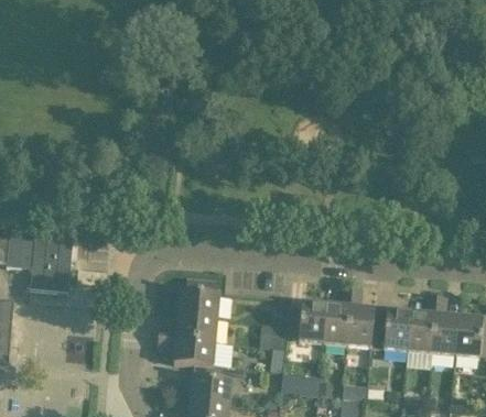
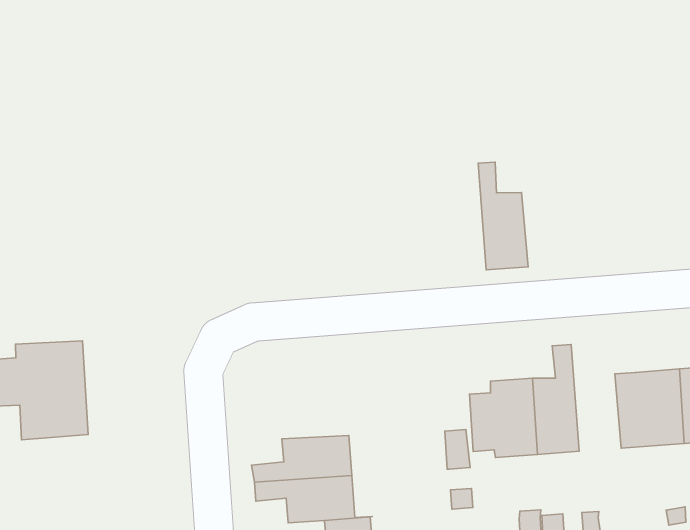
building: [179,277,219,318] -> none
building: [347,287,375,351] -> [478,162,528,270]

